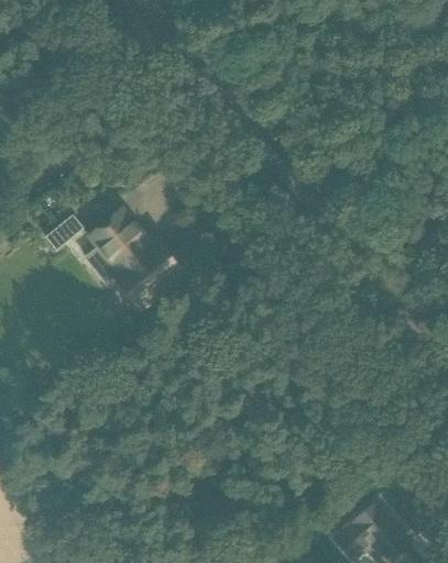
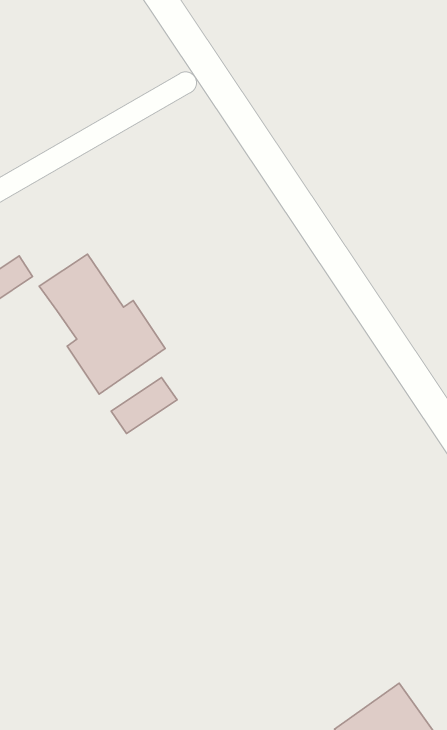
building: none -> [111,378,177,434]

